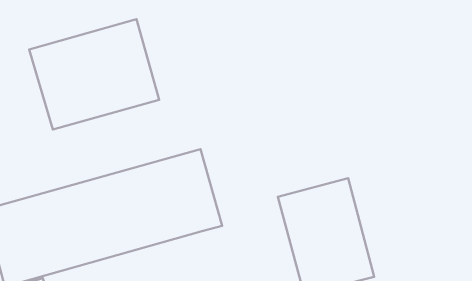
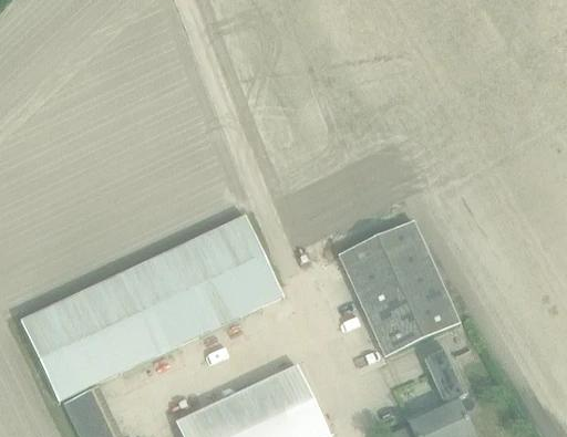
building: [29,19,159,130] -> none

